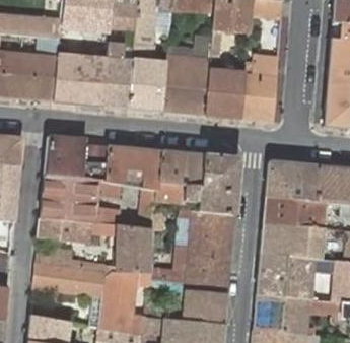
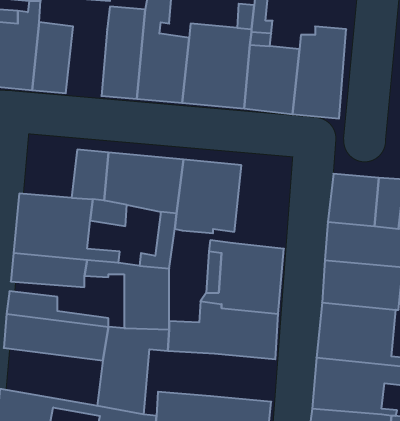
building: [77,55,107,105] -> none
building: [44,136,85,178] -> none
building: [197,154,238,214] -> none
building: [181,289,227,324] -> none

